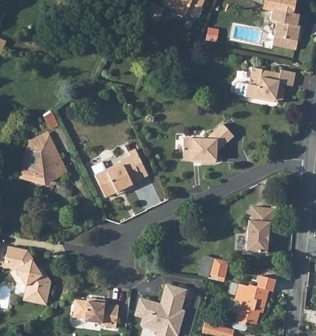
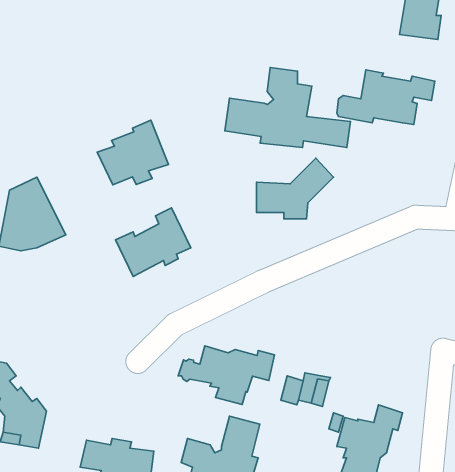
building: none -> [225,67,350,148]
building: none -> [97,120,169,185]
building: [246,205,275,251] -> none
building: none -> [178,346,275,405]

